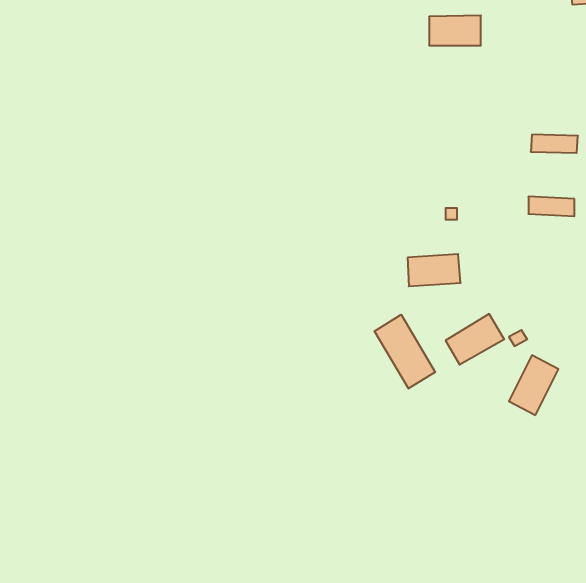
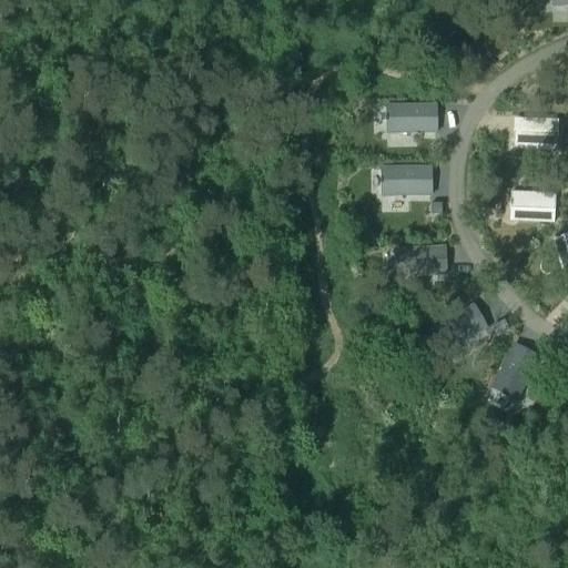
building: [429,15,481,45] -> [387,102,437,131]
building: none -> [382,165,432,194]
building: [374,315,435,389] -> none

